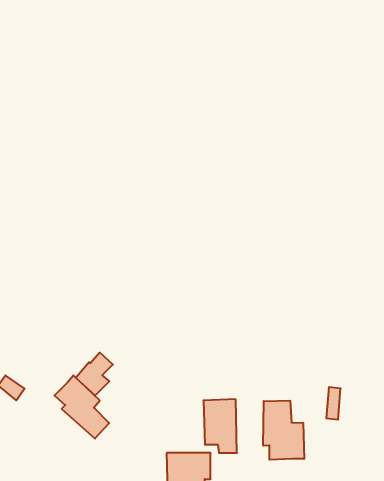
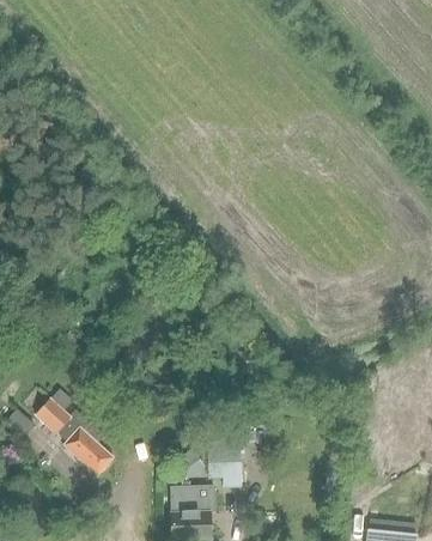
building: [76,353,113,396] -> [37,389,74,432]
building: [263,401,304,460] -> none

